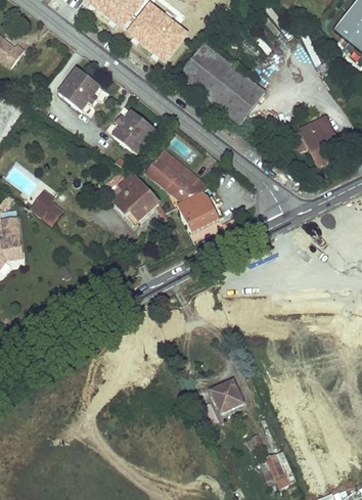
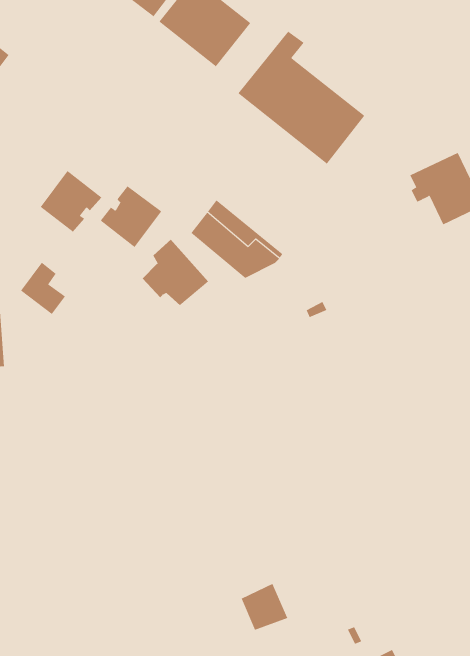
building: [56,70,98,111] -> [40,170,102,233]
building: [109,110,151,152] -> [100,186,162,248]
building: [177,191,222,231] -> none
building: [210,380,241,412] -> [241,583,288,630]

